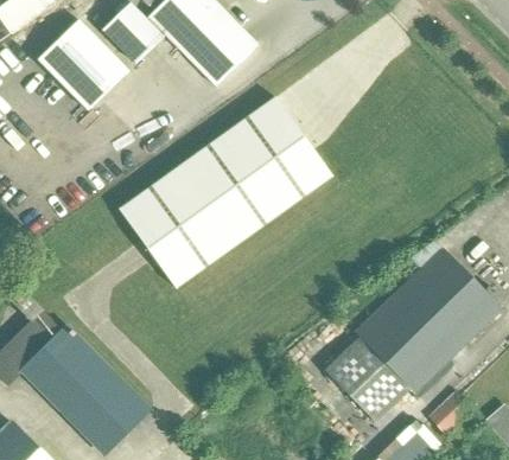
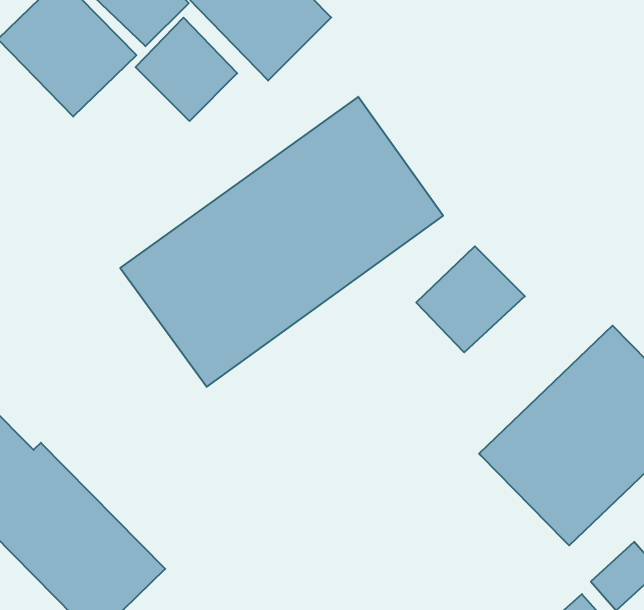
building: none -> [136,18,237,121]
building: none -> [416,246,525,352]
building: [320,333,411,422] -> none

